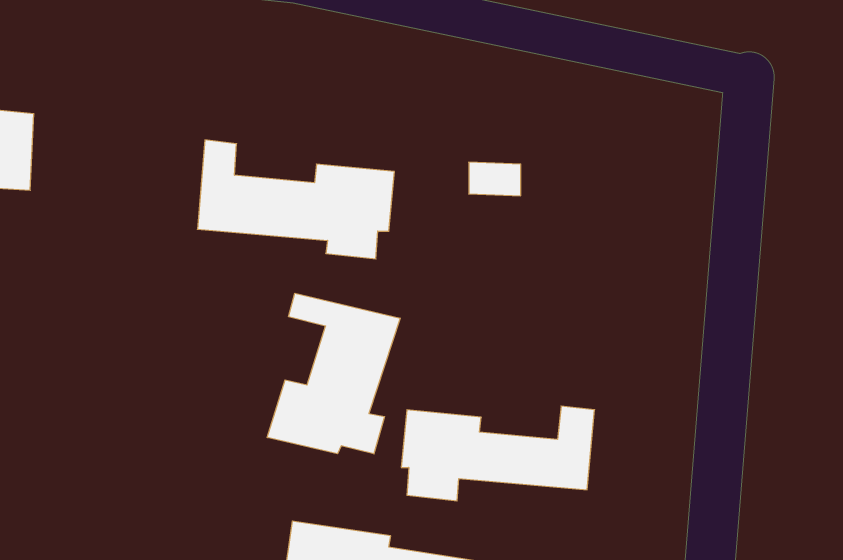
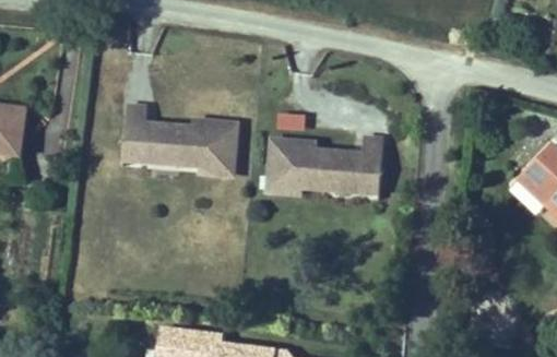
building: [267,293,400,454] -> none
building: [401,406,595,501] -> [265,135,379,191]

